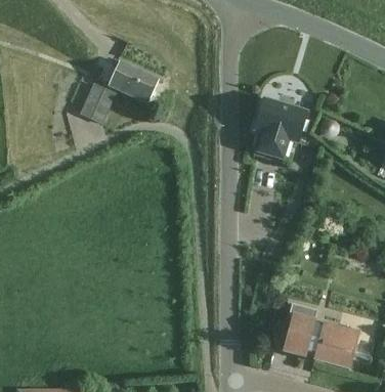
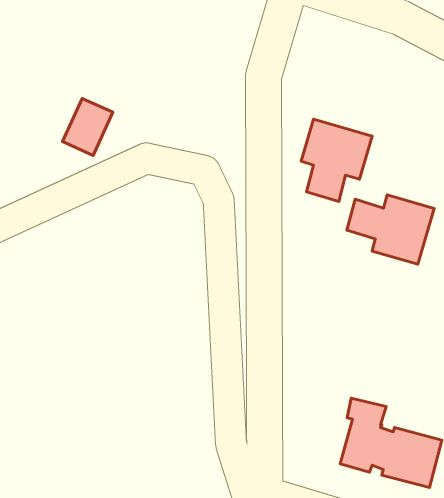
building: [106,60,157,101] -> none
building: none -> [347,195,434,264]

